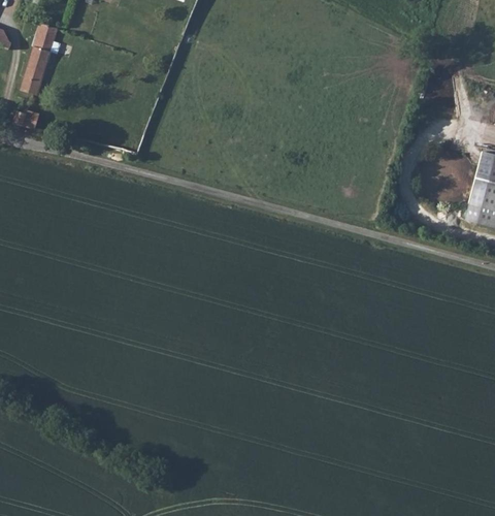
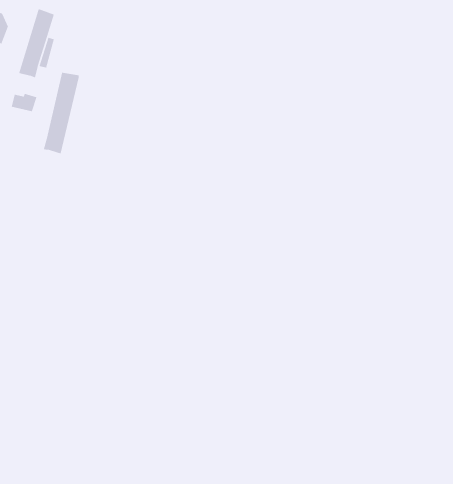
building: none -> [43,72,80,154]

